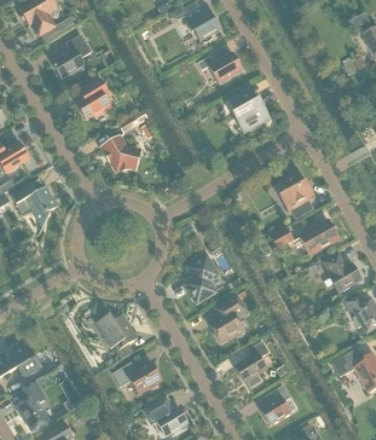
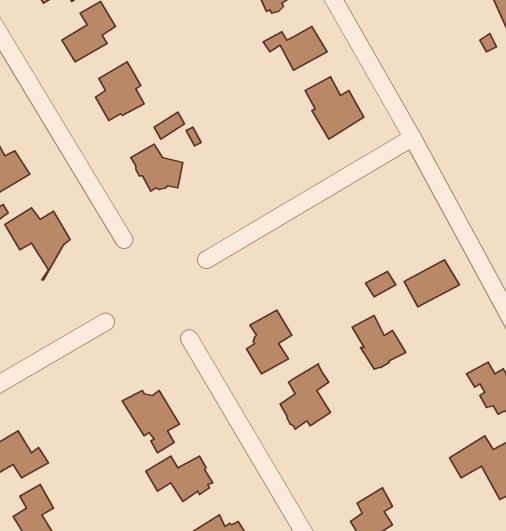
building: [279,172,314,218] -> none
building: [323,253,361,291] -> [352,316,406,369]
building: [235,341,268,386] -> none

